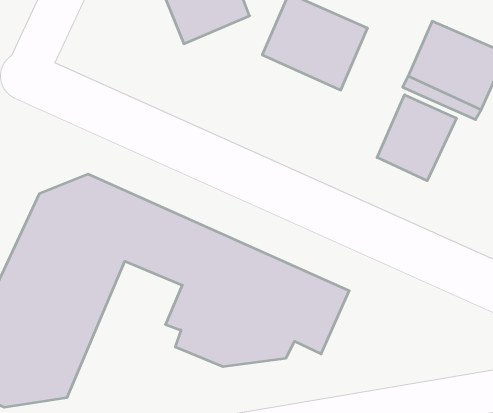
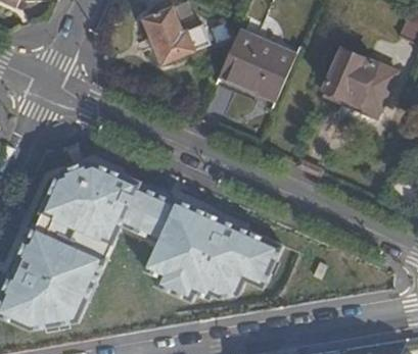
building: [377,95,456,181] -> none

